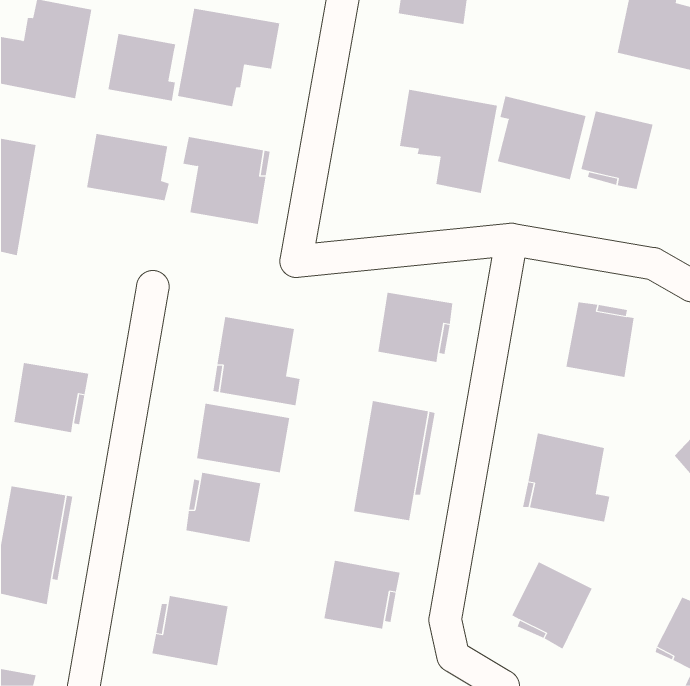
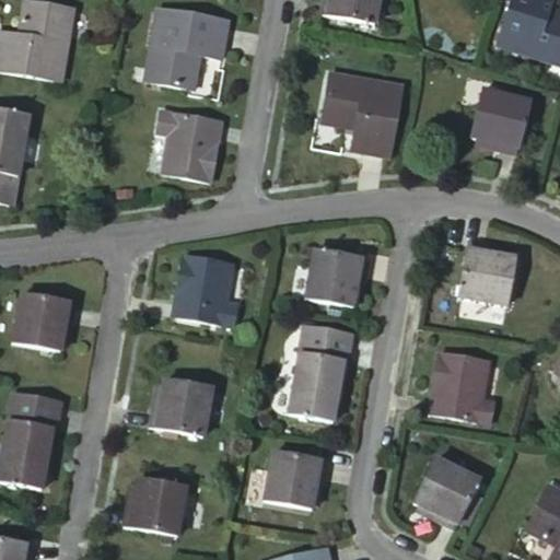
building: [108,33,176,102] -> none
building: [497,95,586,180] -> none
building: [87,133,169,201] -> none
building: [196,403,290,473] -> none

